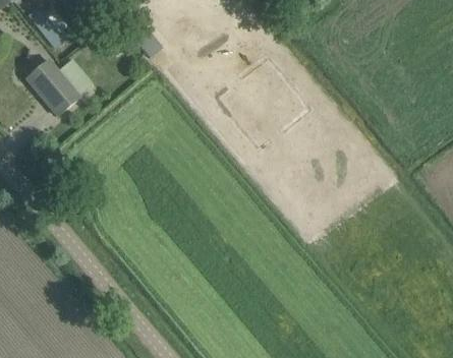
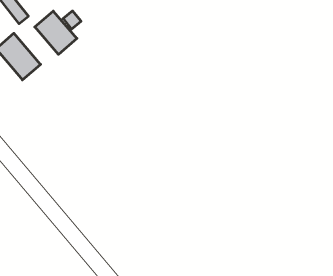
building: none -> [35,11,77,54]

